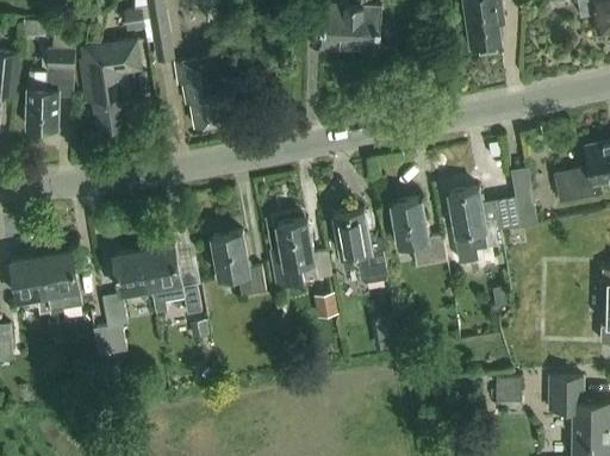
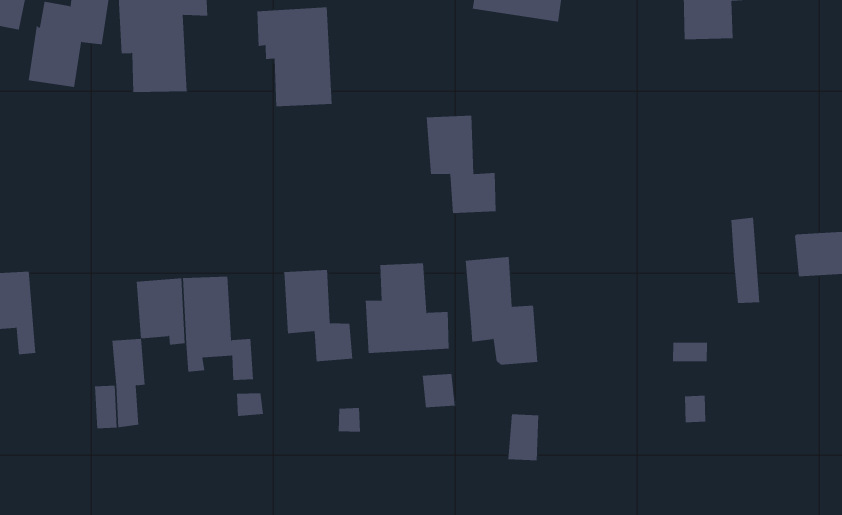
building: [449,189,503,250] -> none
building: [391,200,446,268] -> [426,115,496,214]
building: [41,251,81,312] -> none

